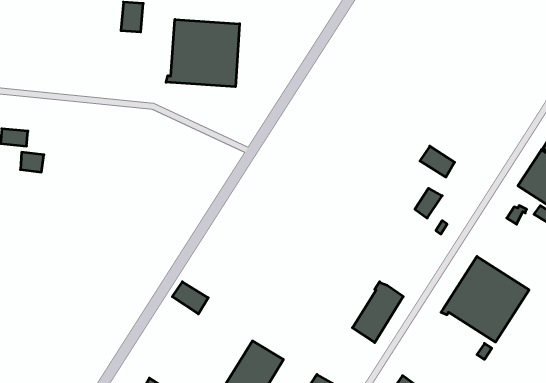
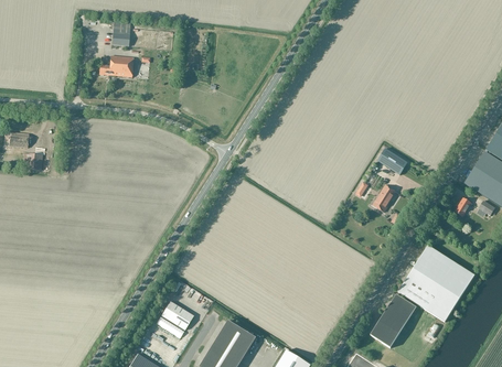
building: [166,19,240,87] -> none
building: none -> [99,54,133,76]
building: [172,282,208,314] -> [161,301,193,330]
building: [352,282,403,343] -> [371,293,416,347]

